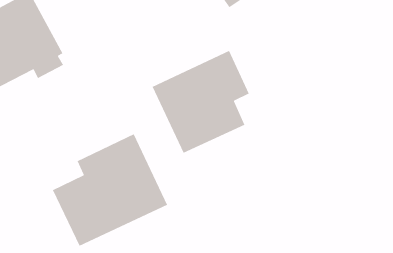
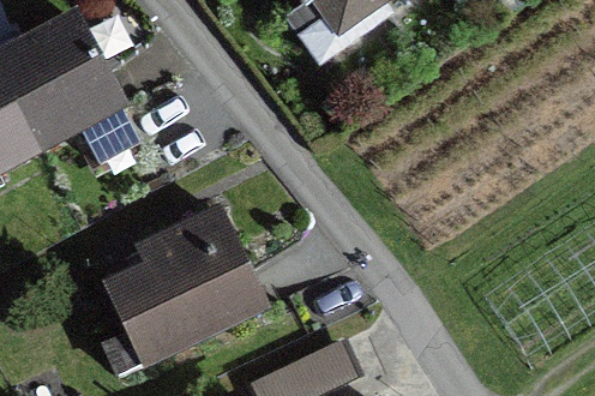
building: [151,50,250,154] -> none

